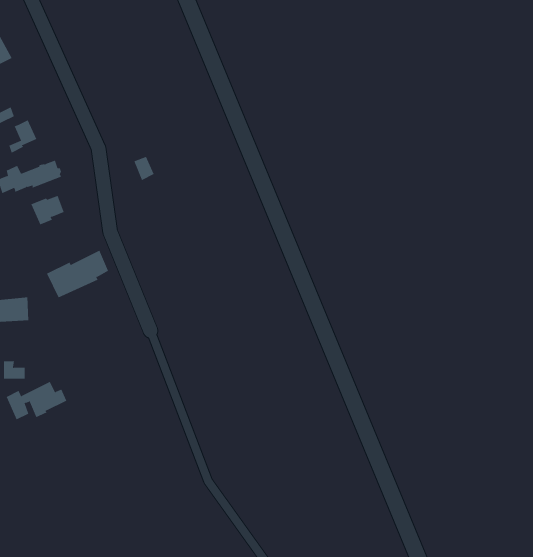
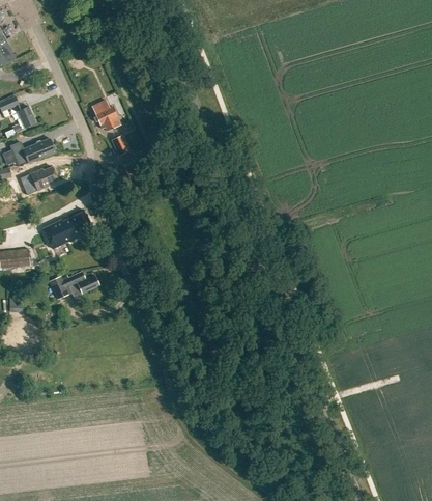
building: none -> [92,100,118,130]
building: [6,381,67,420] -> [51,269,99,300]

